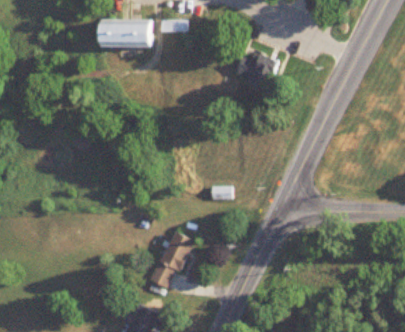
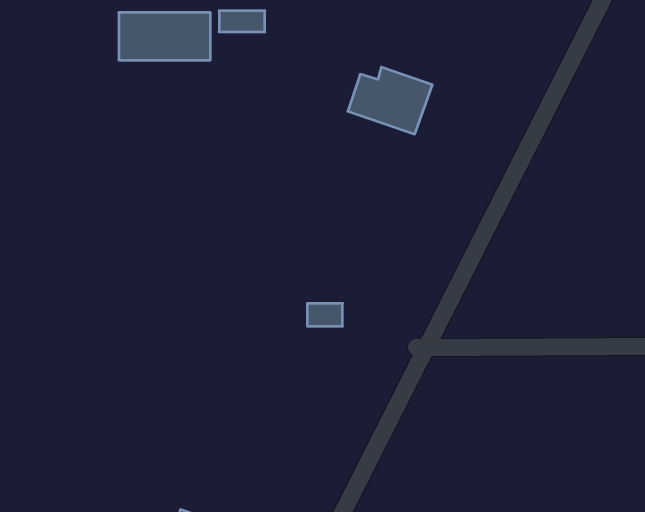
building: [152,230,195,287] -> none

